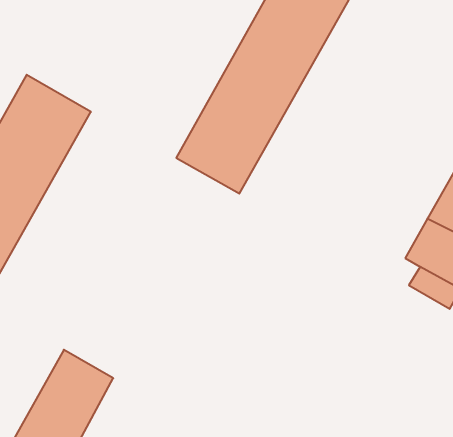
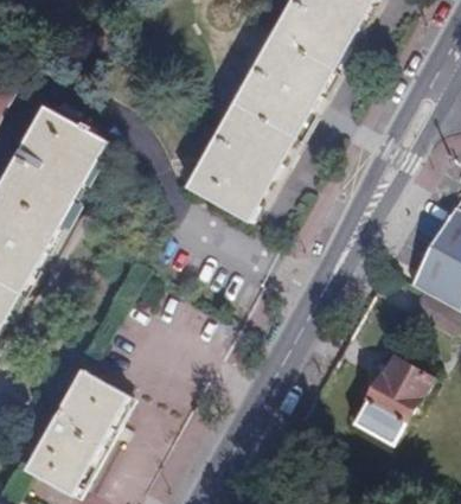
building: none -> [353,356,430,441]

